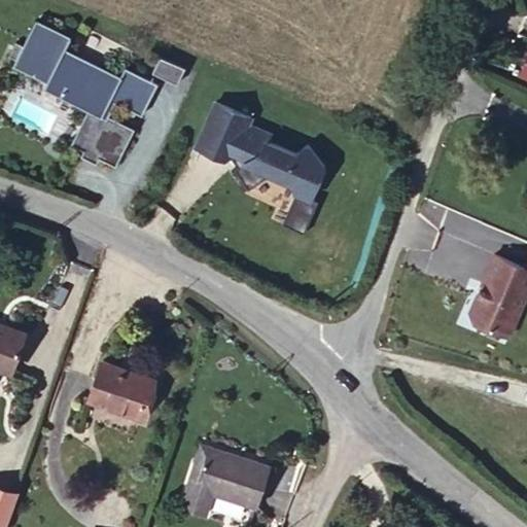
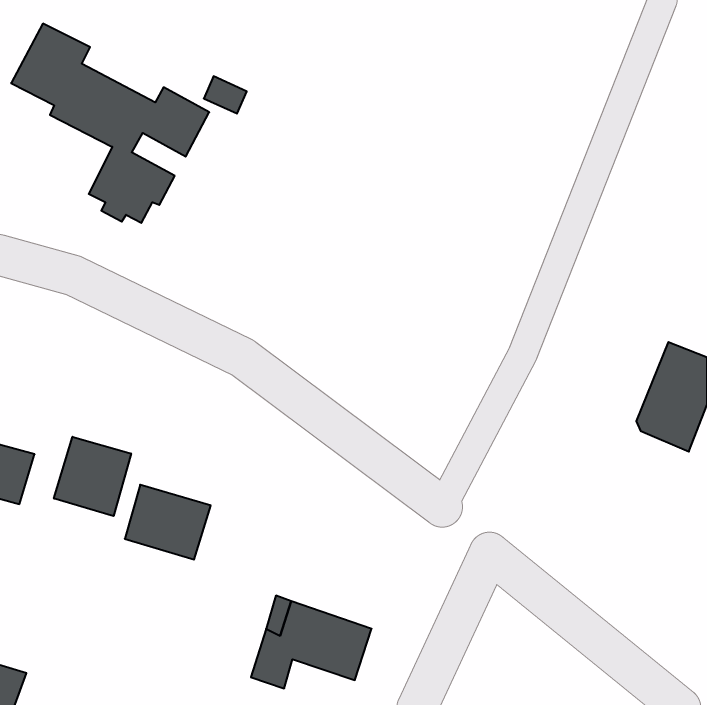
building: [196,100,324,235] -> none
building: none -> [54,437,131,516]

